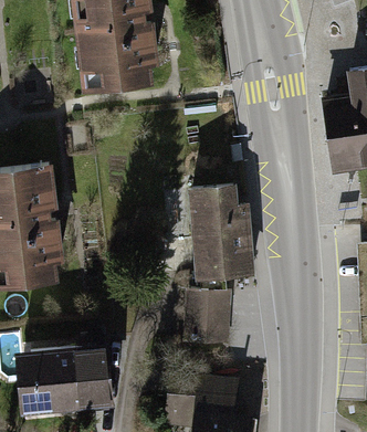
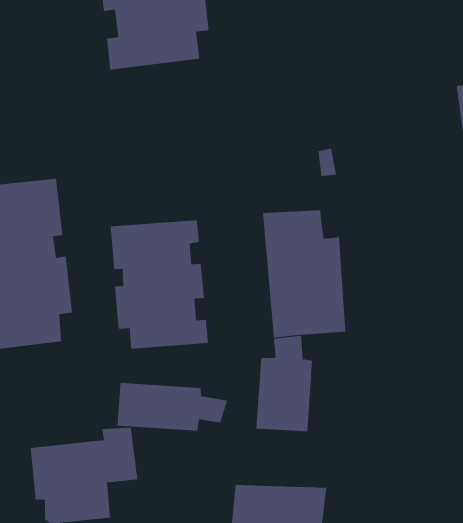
building: none -> [110,219,209,350]
building: none -> [117,382,228,432]

